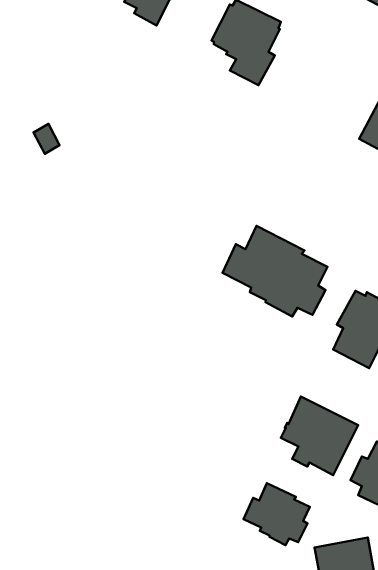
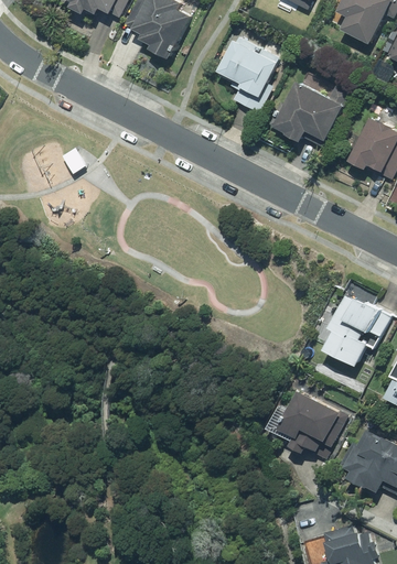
building: none -> [269,83,350,148]
building: [222,226,327,316] -> none
building: [244,483,310,545] -> none

